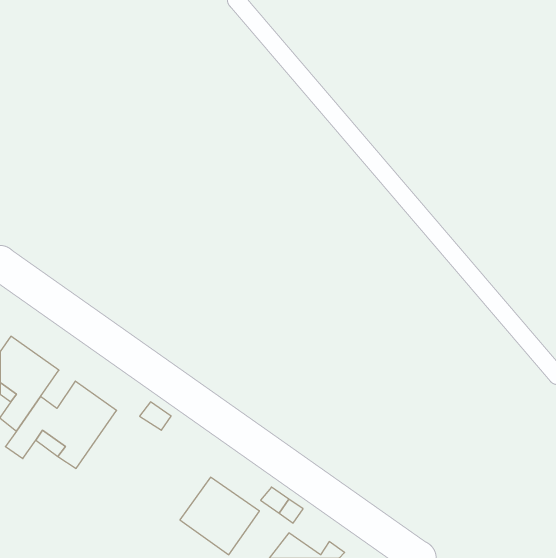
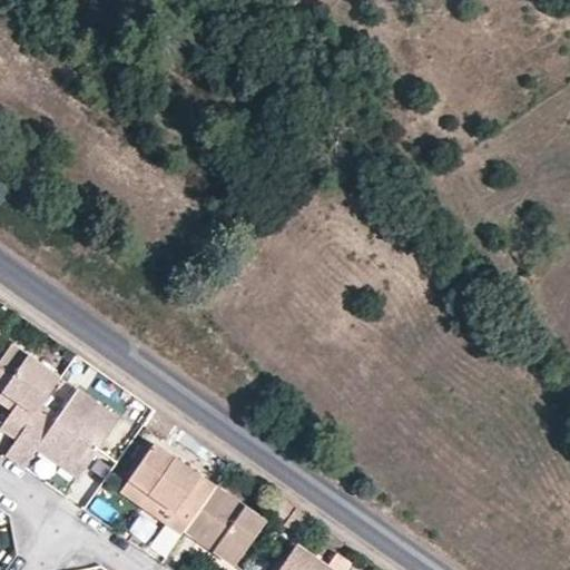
building: none -> [120,442,216,534]

